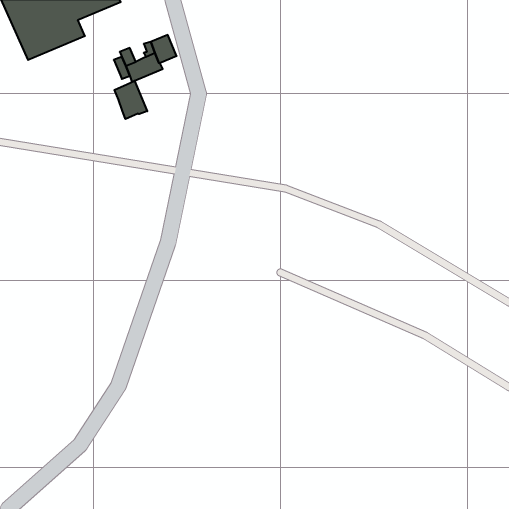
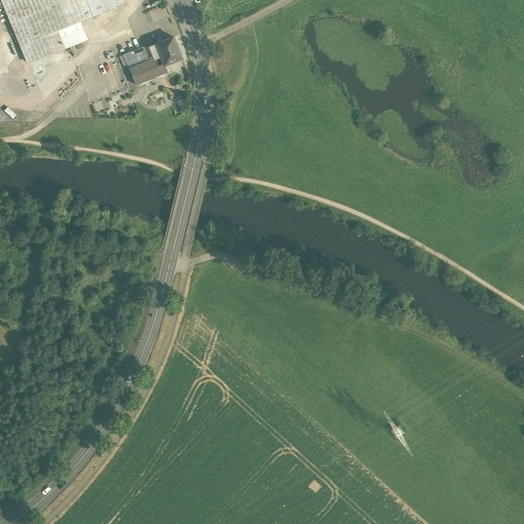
building: [114,81,147,119] -> none

